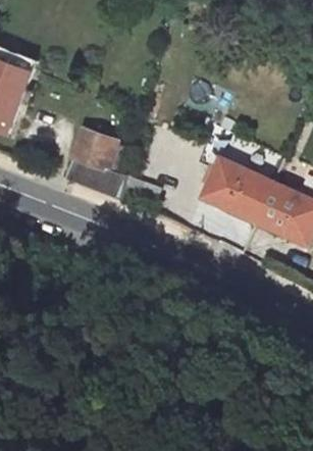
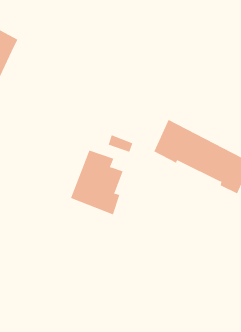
building: [60,120,124,199] -> [70,150,124,215]

